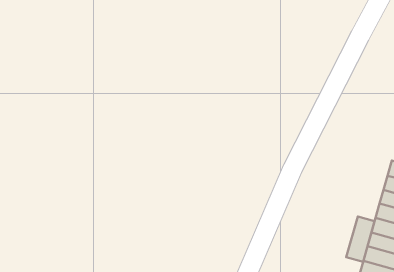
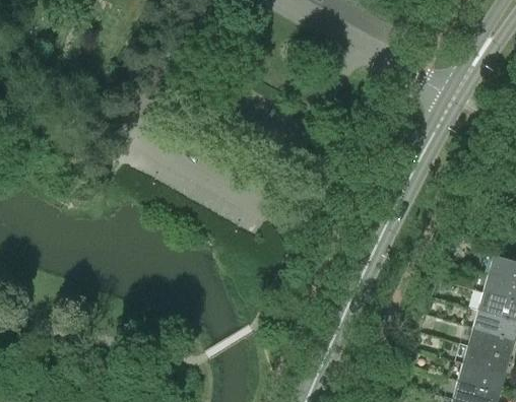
building: [346,216,375,262] -> none

